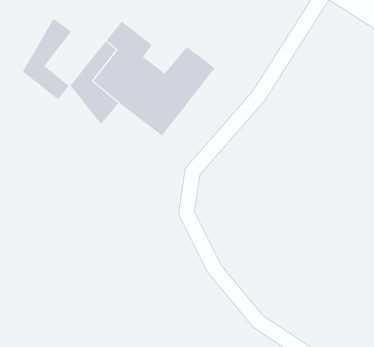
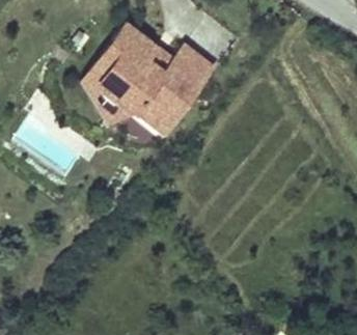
building: [22,18,72,100] -> none

